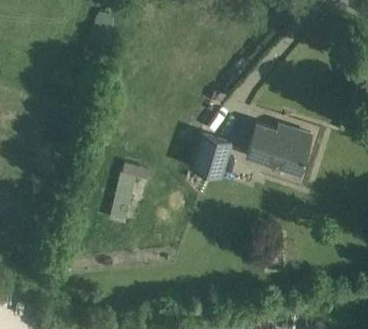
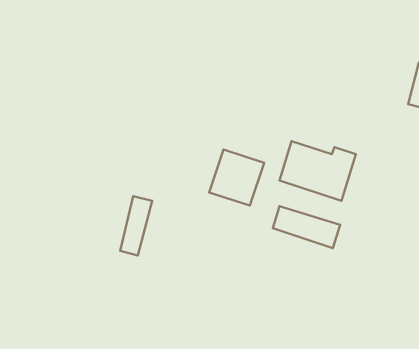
building: none -> [273,206,340,248]

